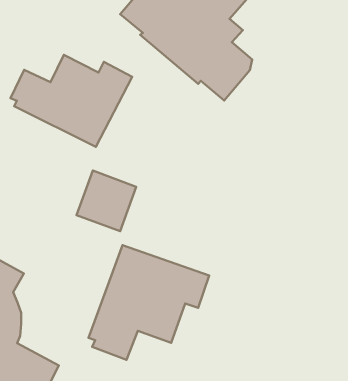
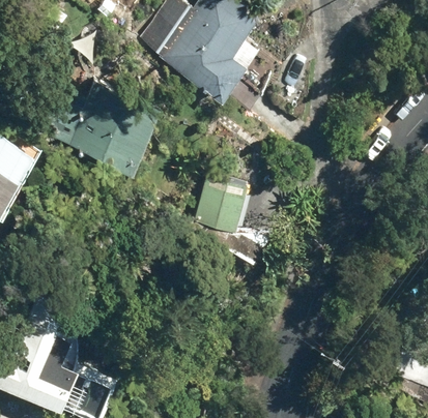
building: [77,171,136,231] -> [194,181,248,236]
building: [89,245,209,360] -> none

